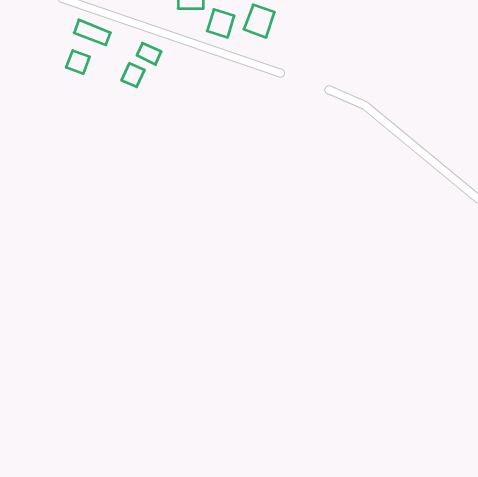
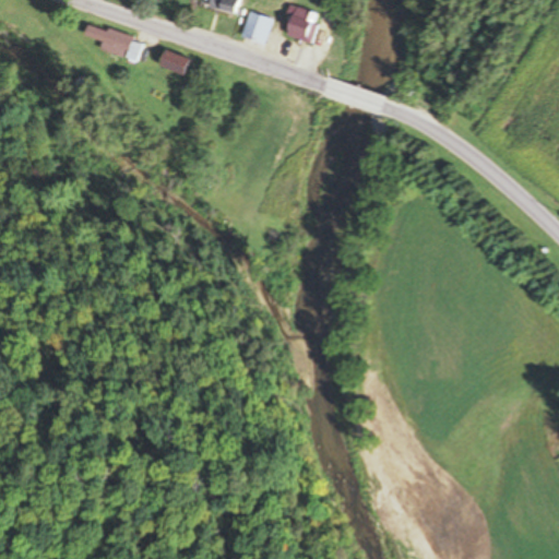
building: [66,50,90,74] -> none
building: [122,63,144,87] -> none

